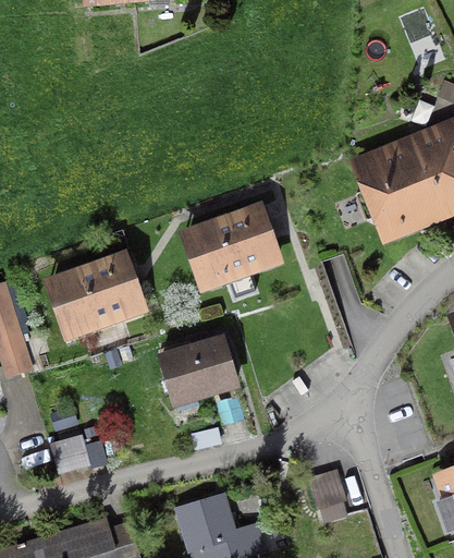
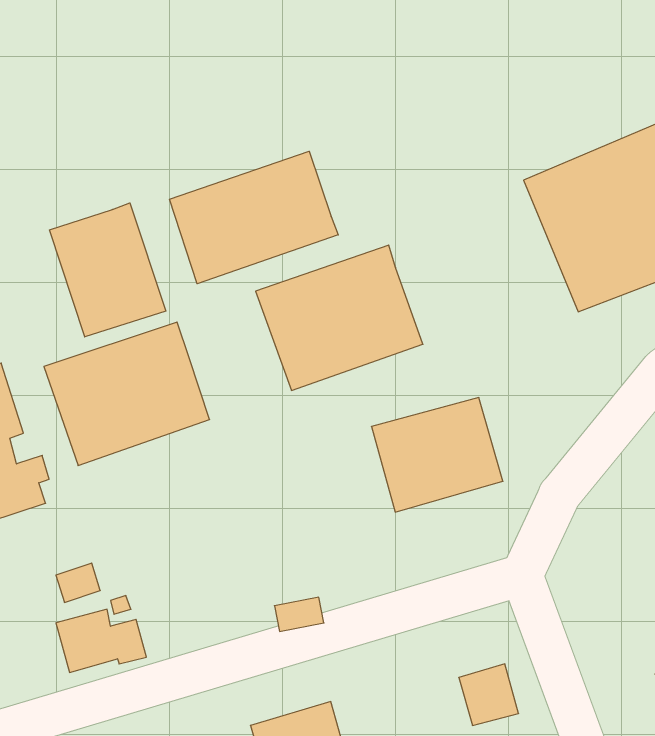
building: none -> [170,151,338,284]
building: none -> [50,203,166,337]
building: [157,336,241,409] -> [371,398,503,512]

